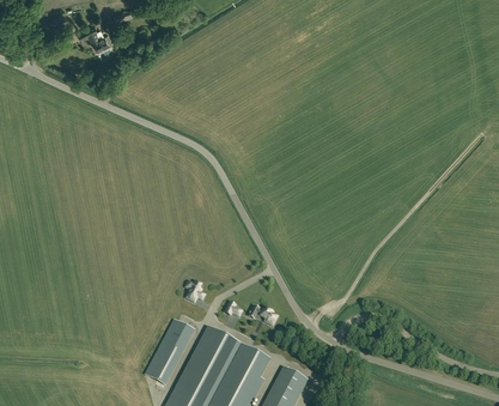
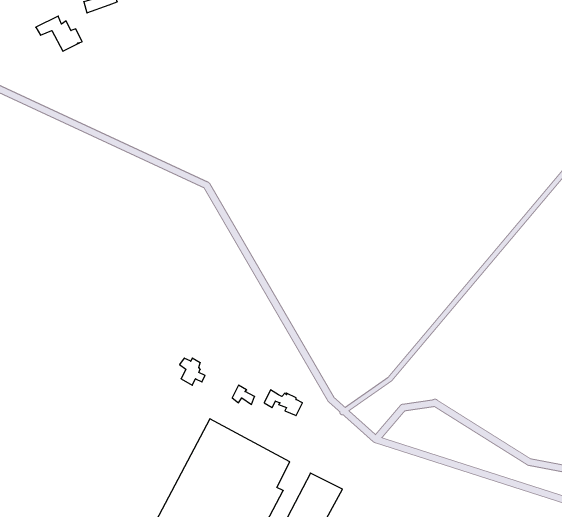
building: [146,319,194,383] -> none

